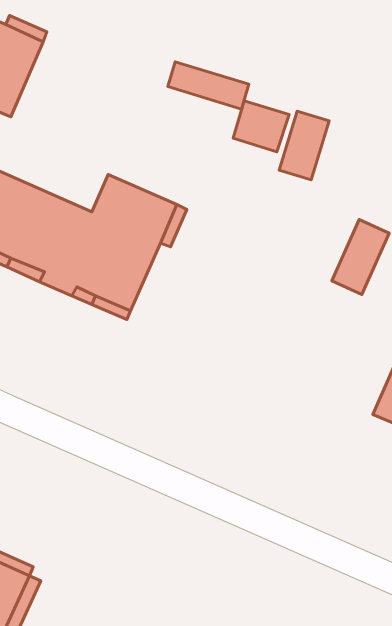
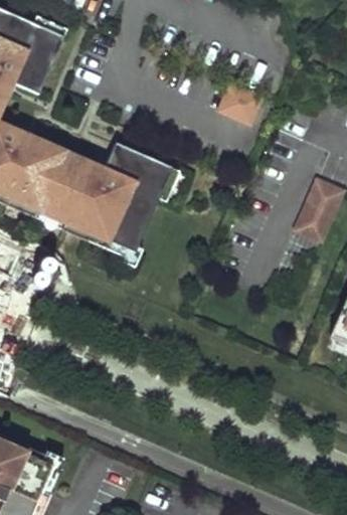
building: [168,62,249,109] -> none
building: [279,111,329,180] -> none

